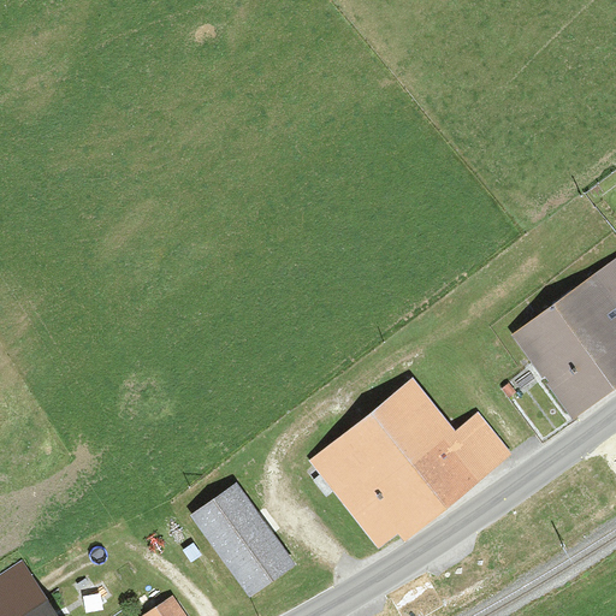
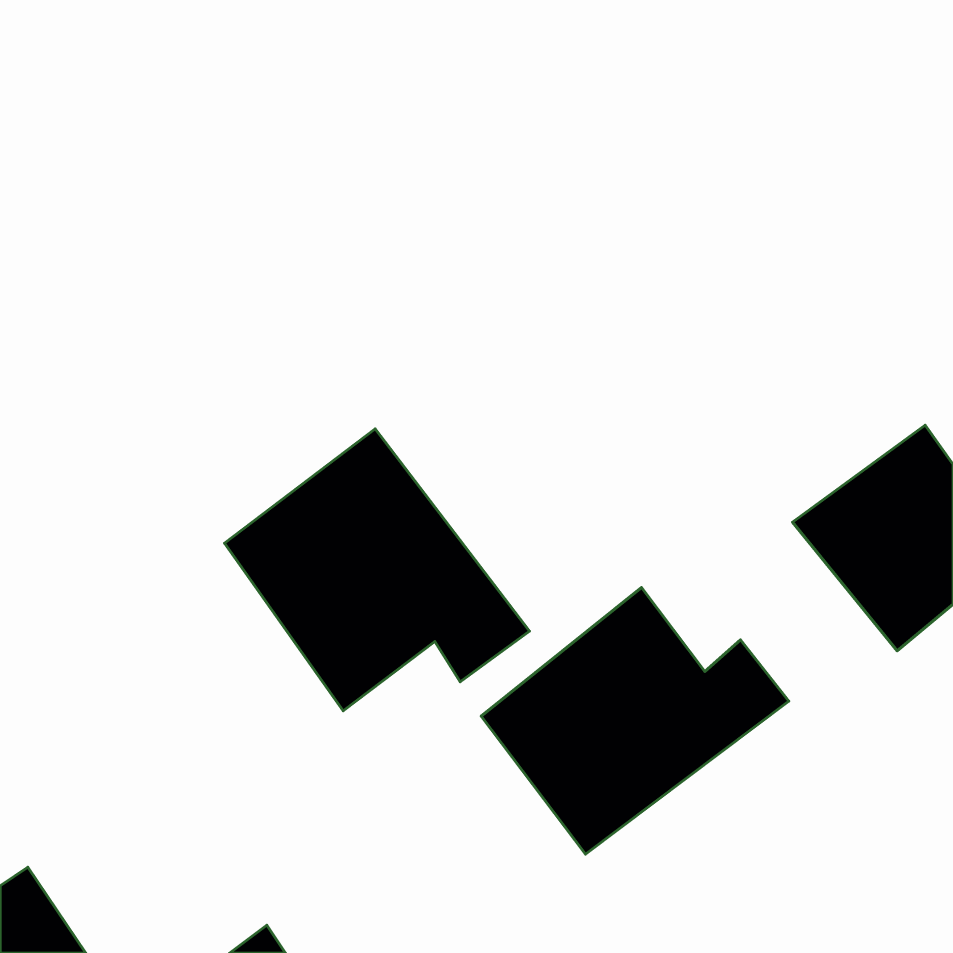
building: none -> [224,429,529,711]
building: [192,482,297,598] -> none

